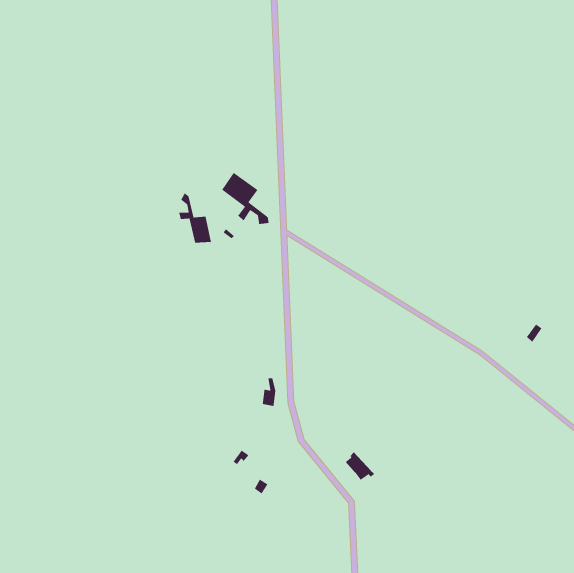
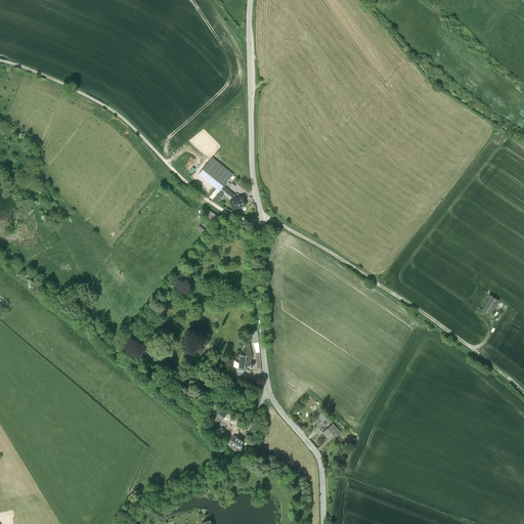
building: [178,192,212,244] -> none

